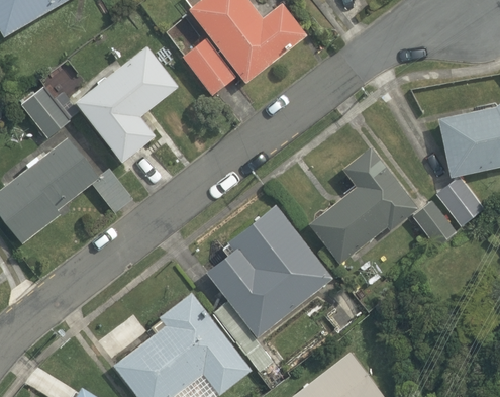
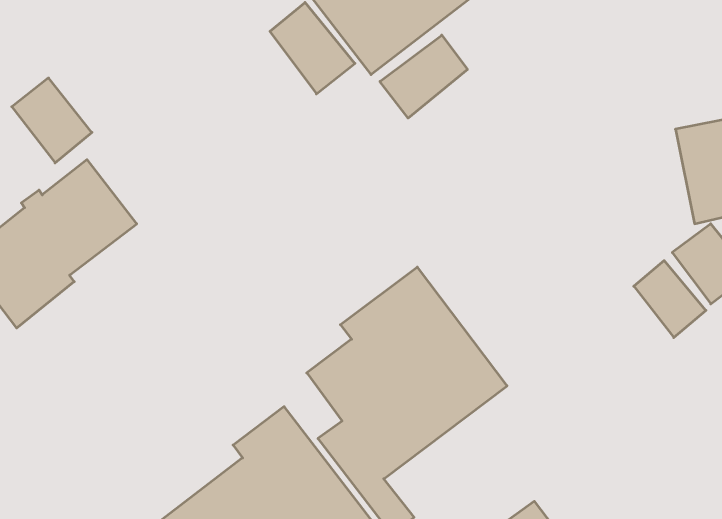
building: [75,45,179,162] -> none
building: none -> [380,35,467,118]
building: [308,145,418,264] -> none

